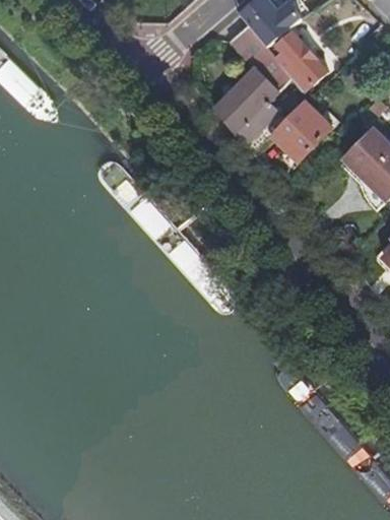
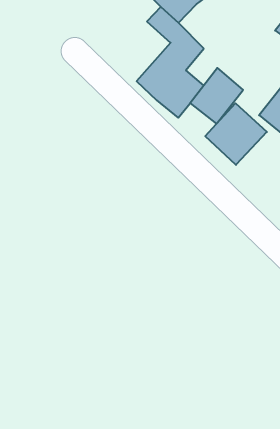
building: [266,26,327,91] -> none
building: none -> [205,103,267,165]

